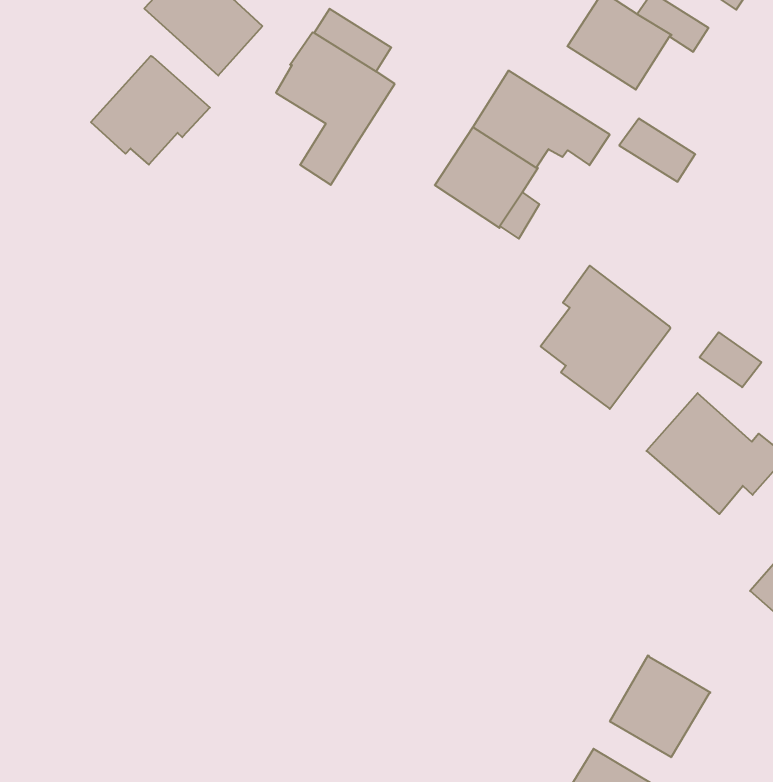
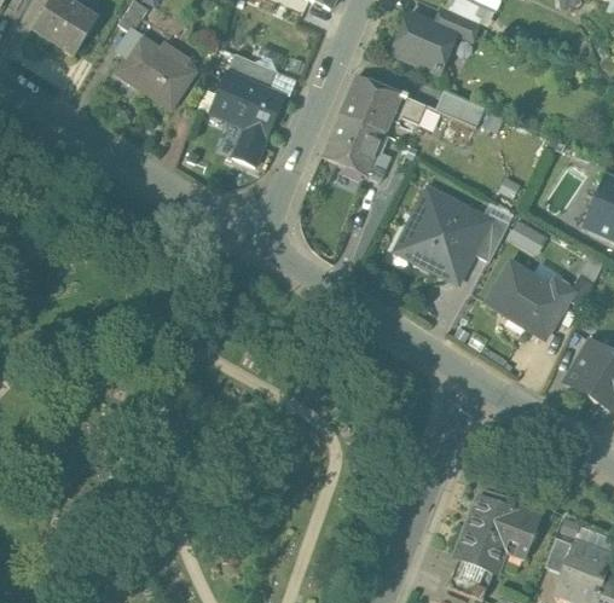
building: [91,56,210,165] -> none
building: none -> [470,213,508,261]
building: [610,655,710,757] -> none

